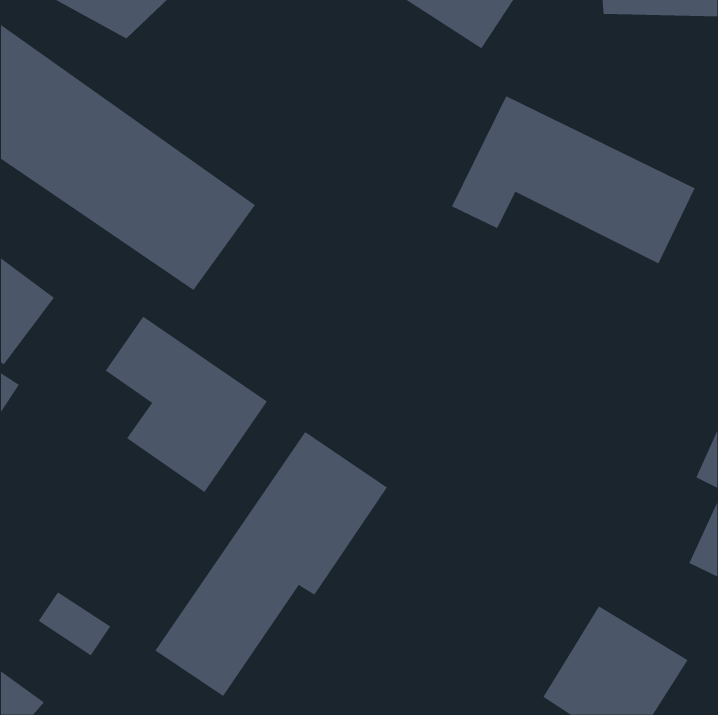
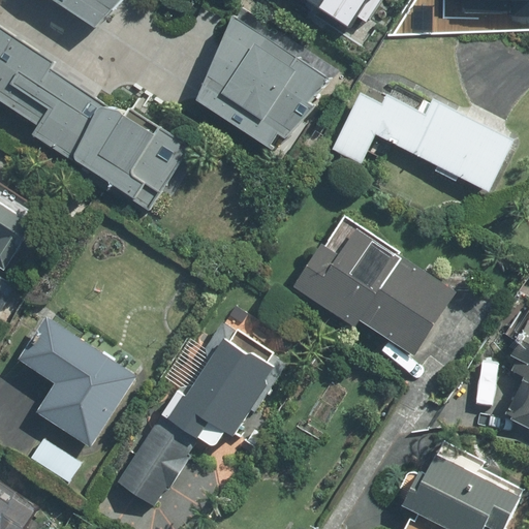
building: none -> [189,28,330,164]
building: none -> [295,198,464,353]
building: [105,316,268,493] -> [15,316,135,446]

